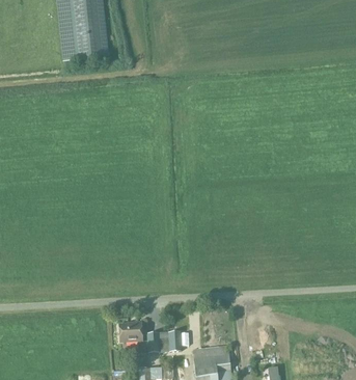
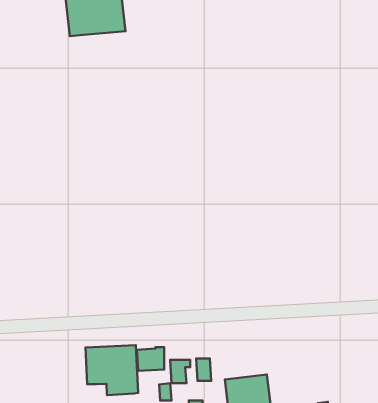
building: none -> [85,345,138,395]

